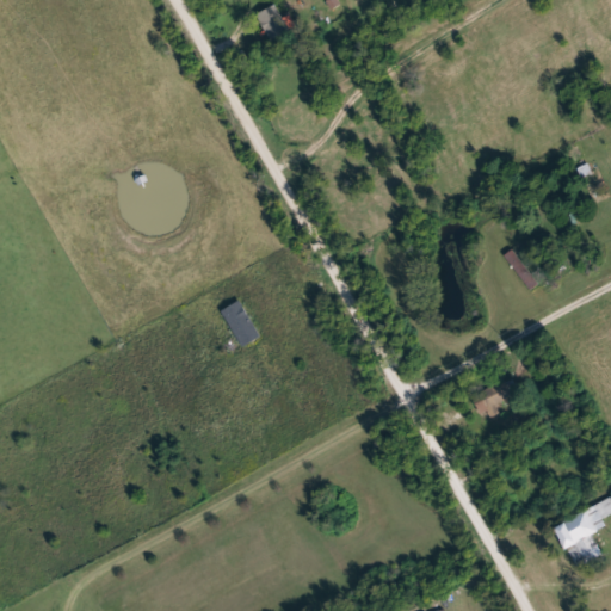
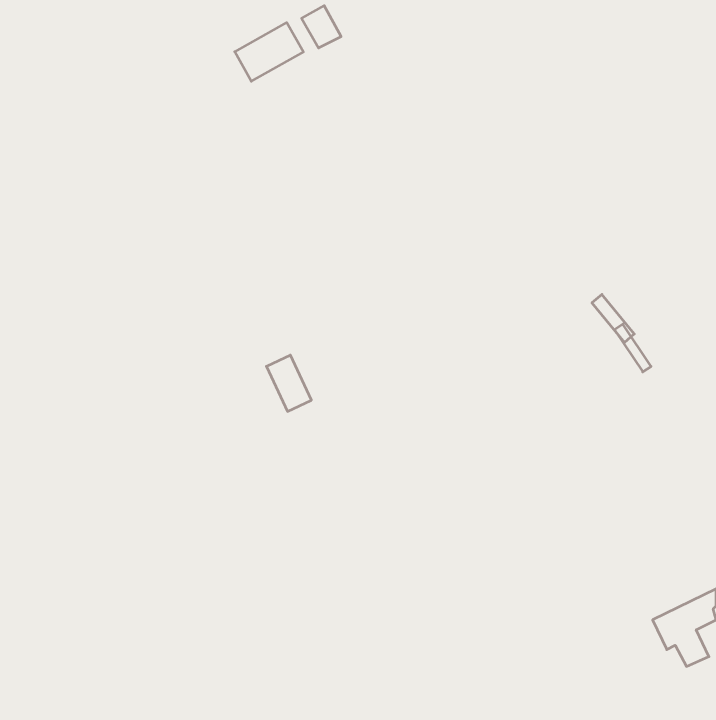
building: none -> [235,23,303,81]
building: [473,379,516,419] -> none

